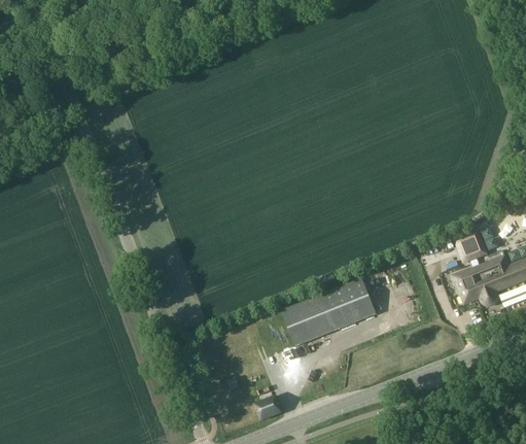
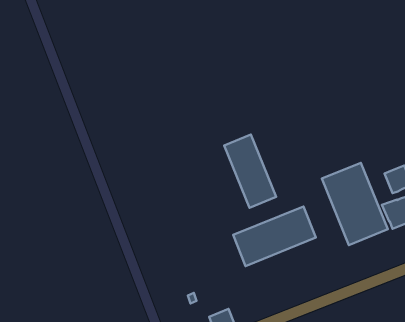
building: none -> [224,135,276,208]
building: none -> [322,163,388,245]

